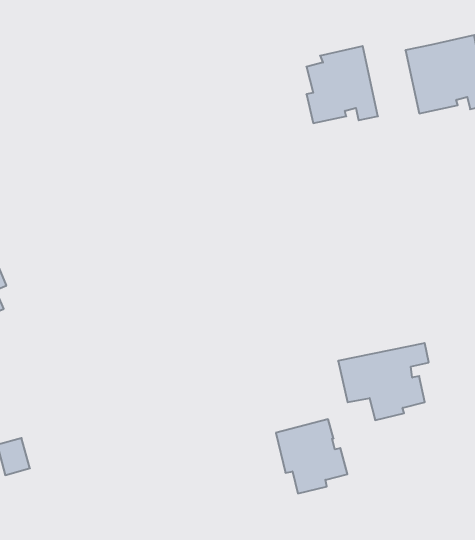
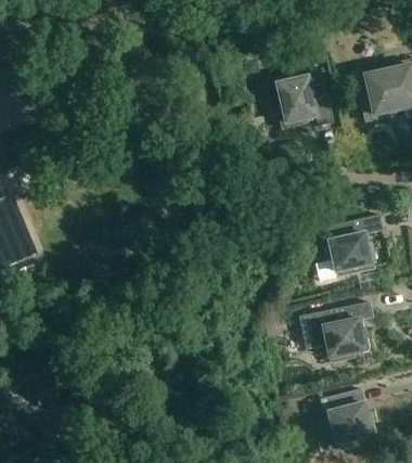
building: none -> [320,214,383,275]
building: [276,419,347,493] -> [320,387,376,446]

